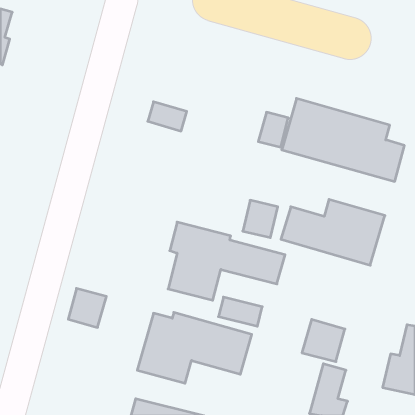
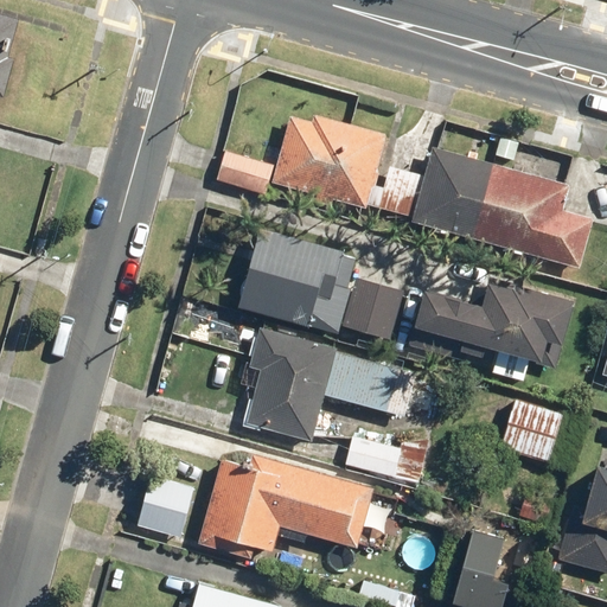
building: none -> [271,115,385,206]
building: none -> [237,228,357,325]
building: [68,288,106,327] -> [139,477,194,533]
building: [302,319,345,362] -> [499,397,562,459]

